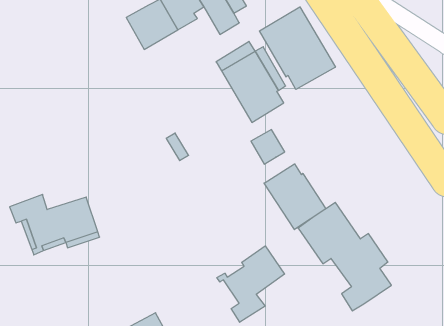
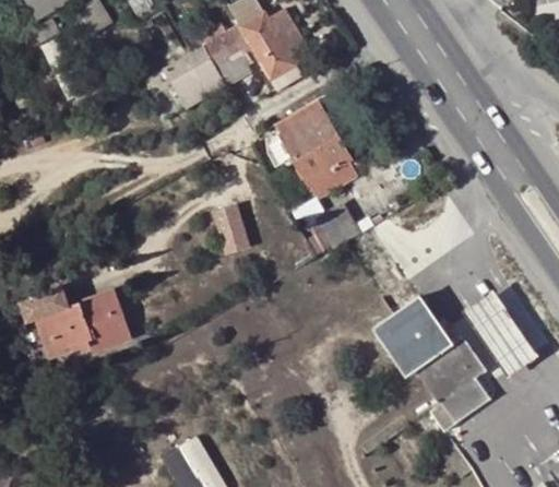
building: [259,7,335,89] -> none
building: [264,164,326,230] -> none
building: none -> [462,289,536,375]
building: [217,246,285,322] -> none

